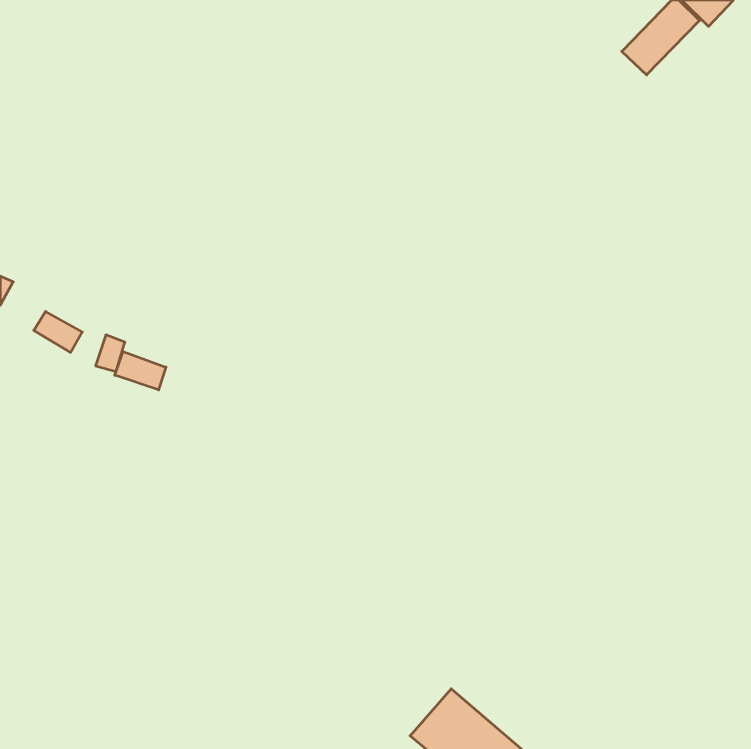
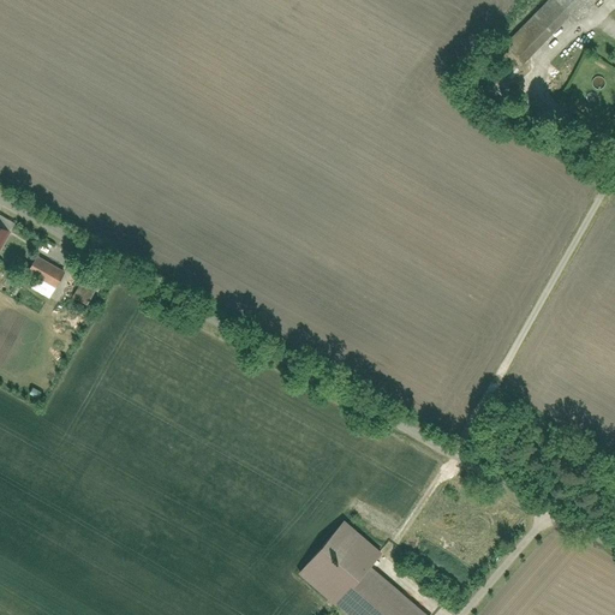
building: [115,352,166,390] -> none
building: none -> [295,519,380,605]

